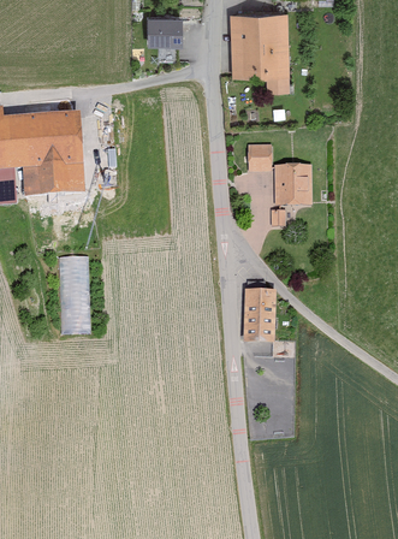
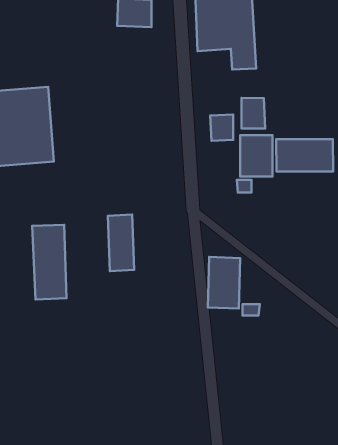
building: none -> [241,98,265,129]
building: none -> [276,139,333,172]
building: none -> [108,215,134,271]

